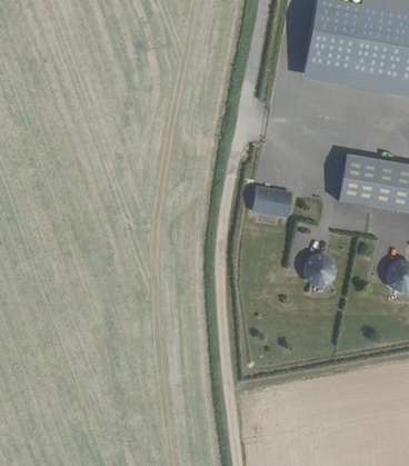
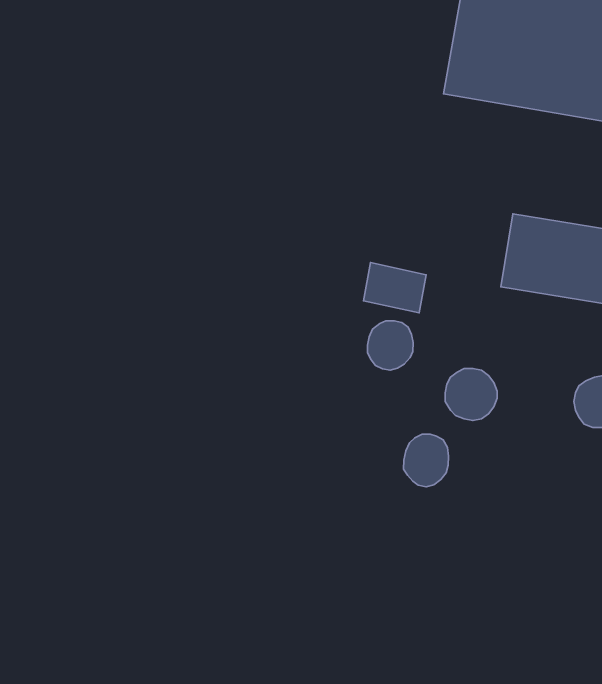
building: none -> [367,321,413,370]
building: none -> [404,434,449,487]

